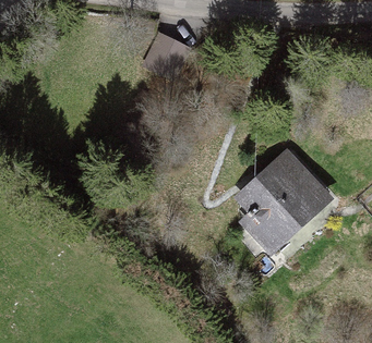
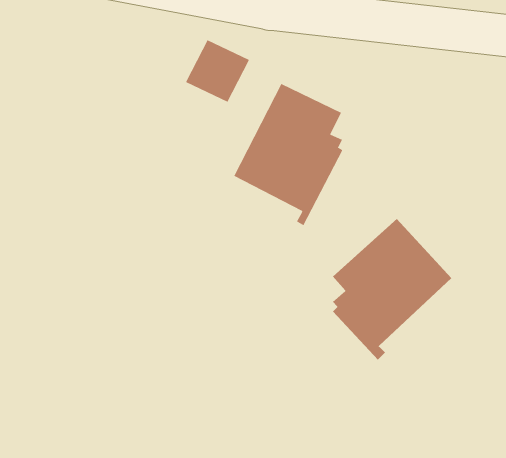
building: none -> [233,83,343,226]

